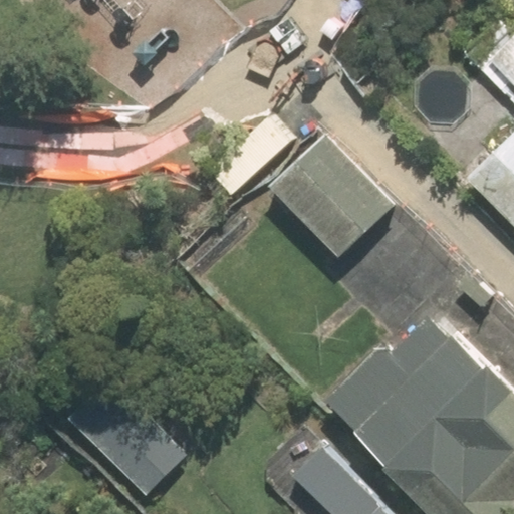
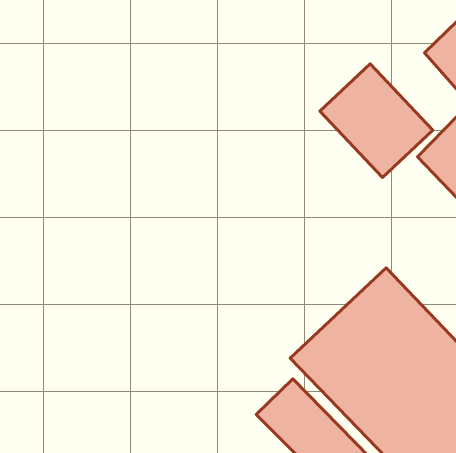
building: [267,135,394,262] -> [320,64,433,178]
building: [55,373,192,503] -> none

